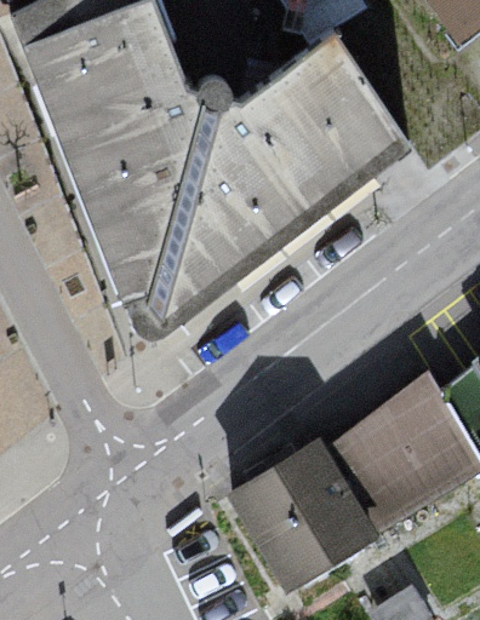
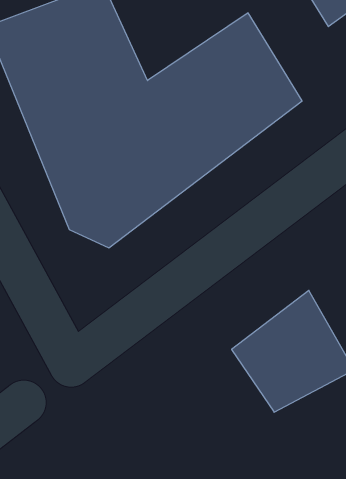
building: [229,441,379,587] -> none

